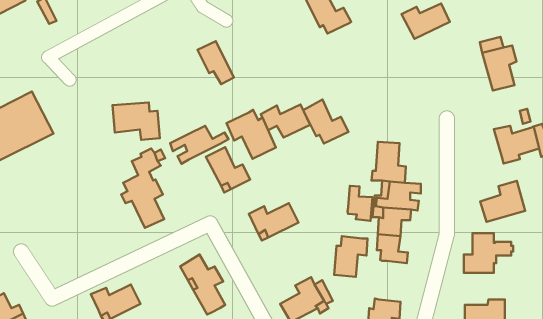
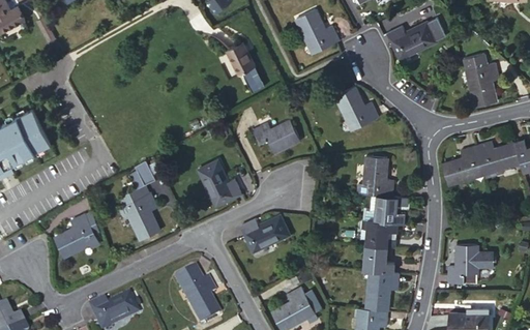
building: [197,41,234,84] -> [227,43,262,85]
building: [303,100,348,144] -> [335,86,379,128]
building: [112,102,160,140] -> none
building: [227,110,276,159] -> none
building: [170,126,228,164] -> none
building: [480,181,525,222] -> [442,144,485,183]
building: [347,186,372,221] -> none
building: none -> [54,211,101,257]
building: [334,236,368,277] -> [366,271,399,310]

